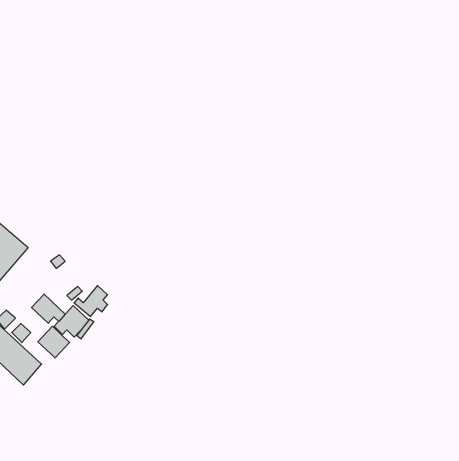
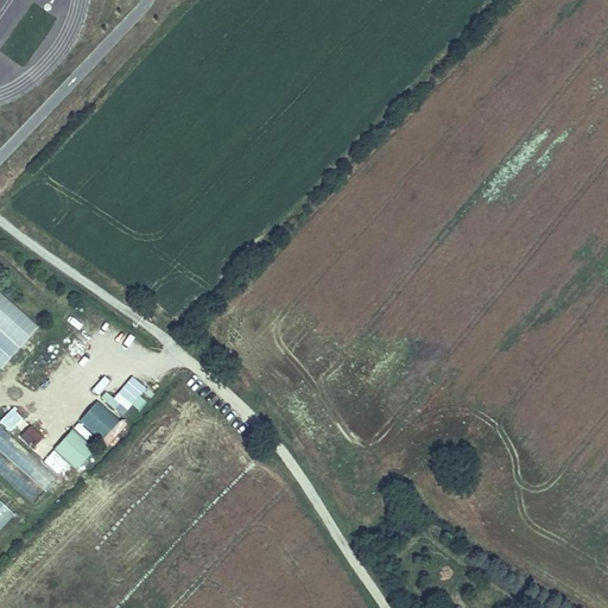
building: [32,294,65,323] -> none

